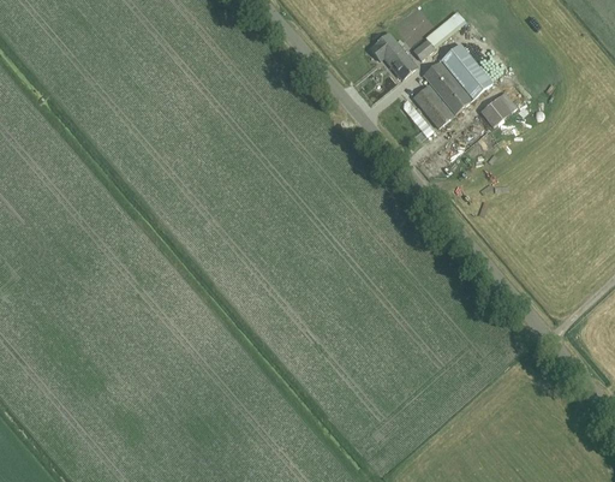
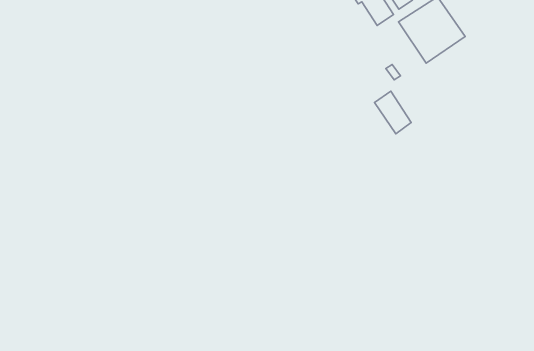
building: [412,84,452,127] -> [374,91,411,134]
building: [479,91,515,126] -> none

